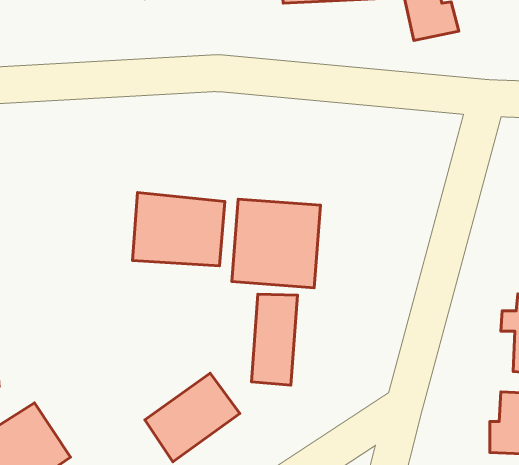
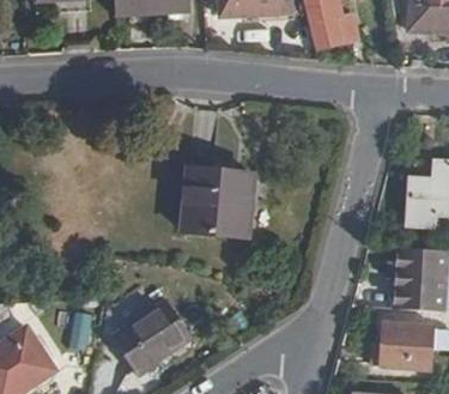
building: [132,193,225,266] -> none
building: [251,294,298,385] -> none

